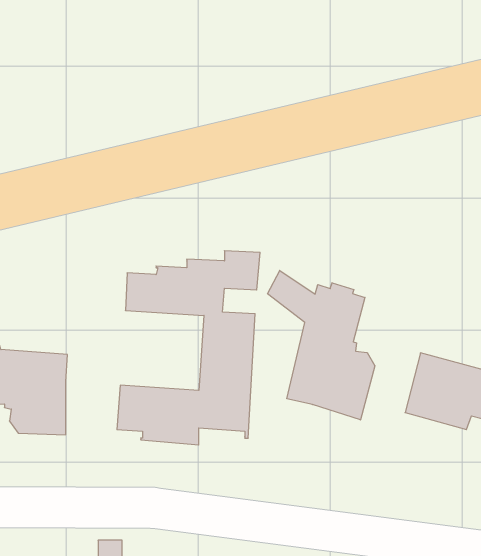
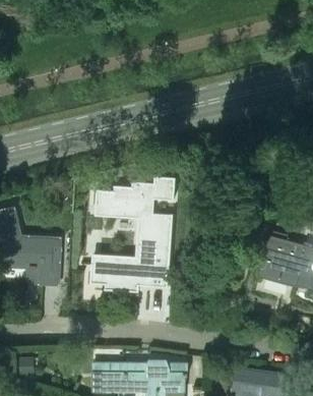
building: [268,270,375,420] -> none

